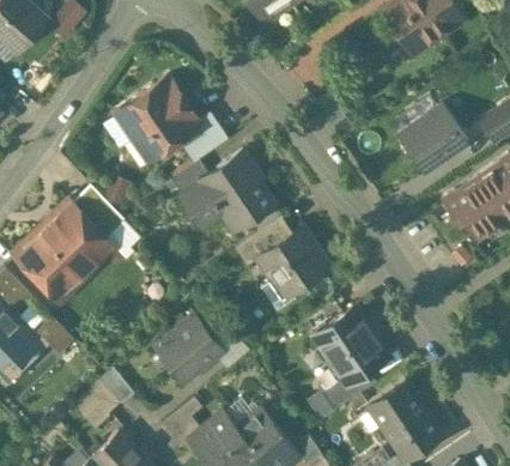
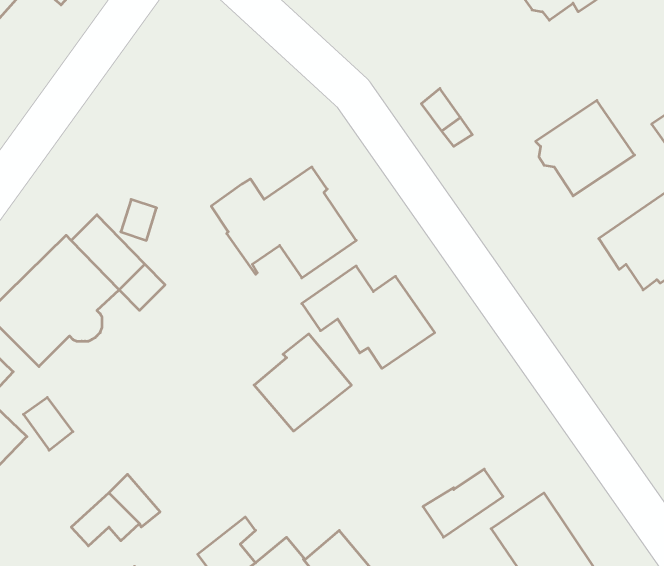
building: [114,79,188,156] -> none
building: [181,114,227,165] -> none
building: [311,309,382,380] -> none
building: [154,315,223,383] -> [254,334,351,431]

